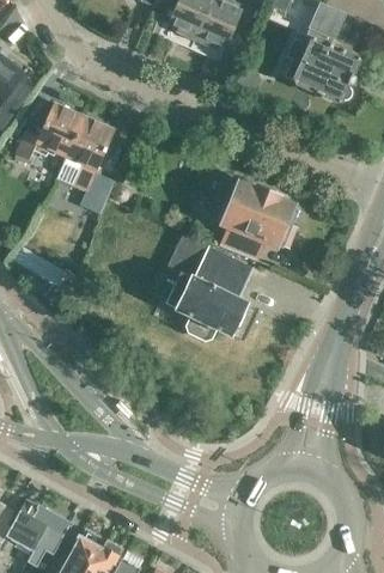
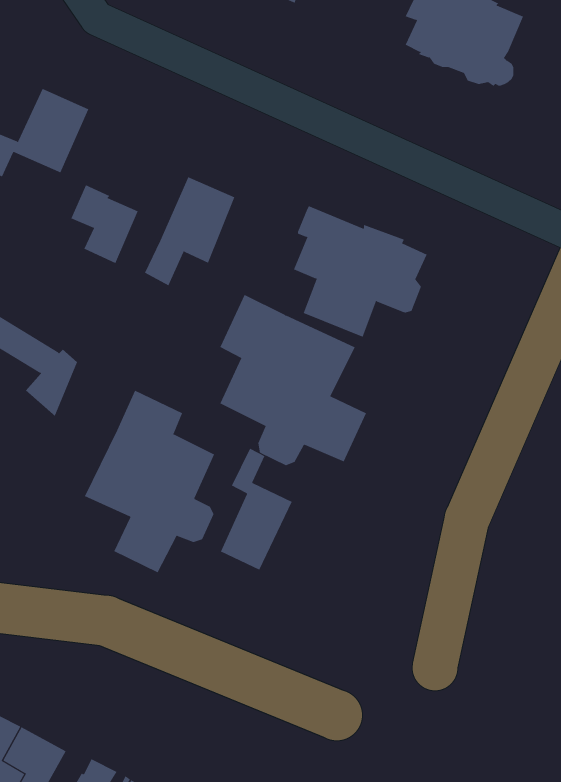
building: [55,117,112,187] -> [144,177,235,286]
building: none -> [84,390,215,573]
building: none -> [220,448,292,571]

